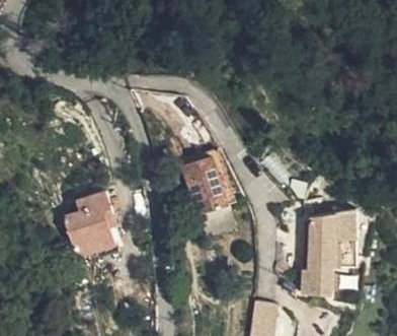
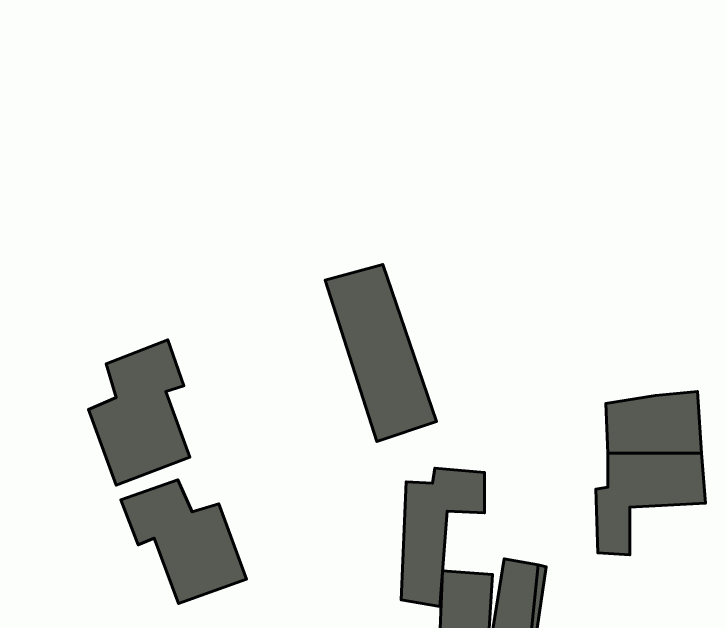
building: none -> [401,468,485,606]
building: none -> [121,480,246,603]

